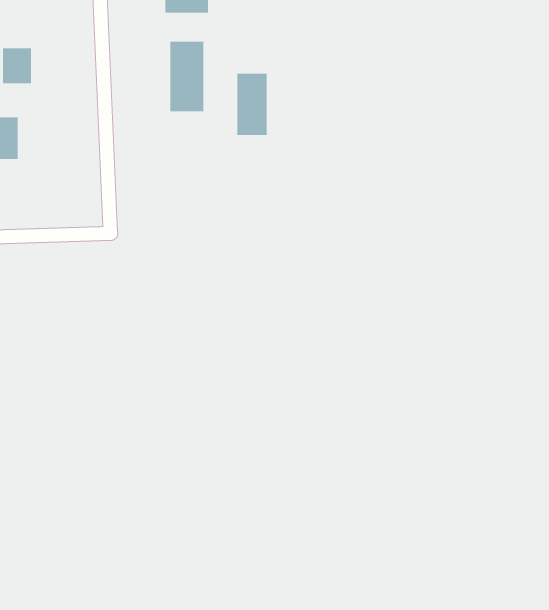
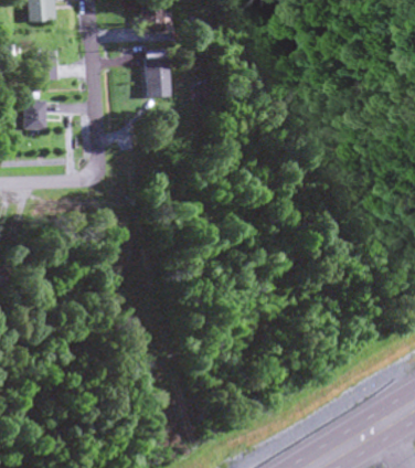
building: [237,73,267,136] -> none

